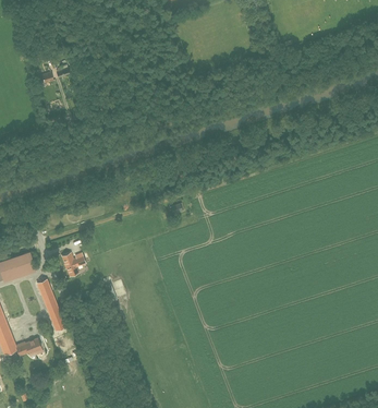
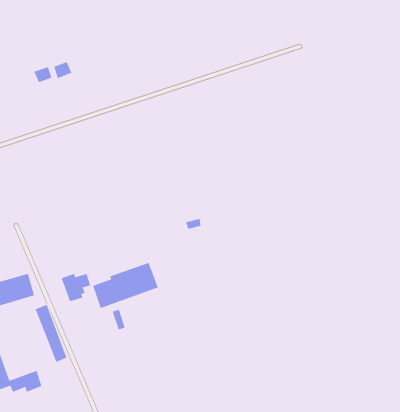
building: none -> [93,262,158,309]

